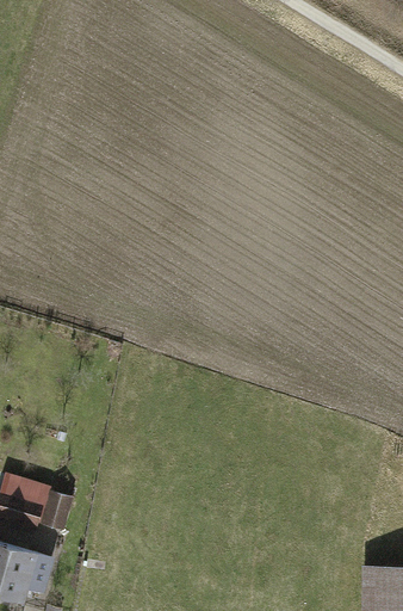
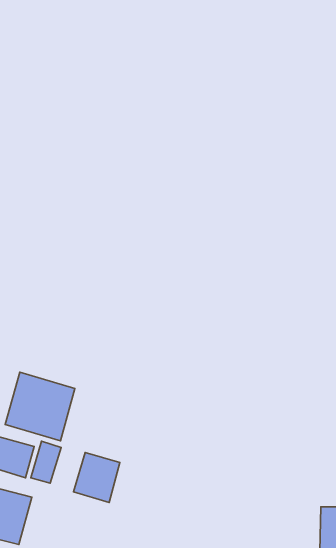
building: none -> [5,372,75,441]
building: none -> [74,453,120,503]

